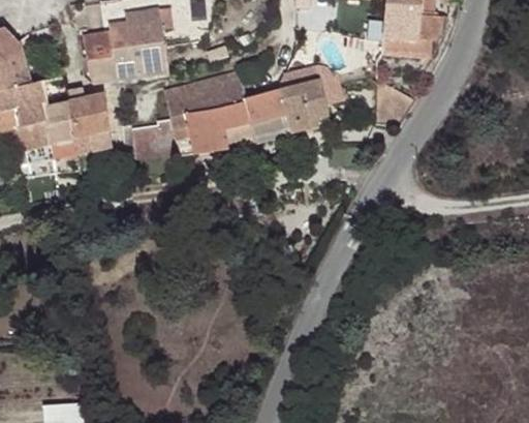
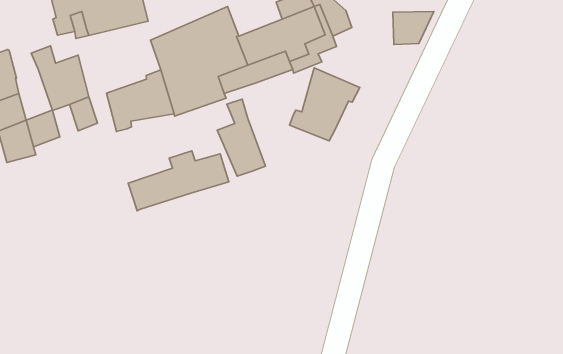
building: [46,100,74,143] -> none
building: none -> [289,68,360,141]
building: none -> [217,99,265,176]
building: none -> [128,151,229,211]

